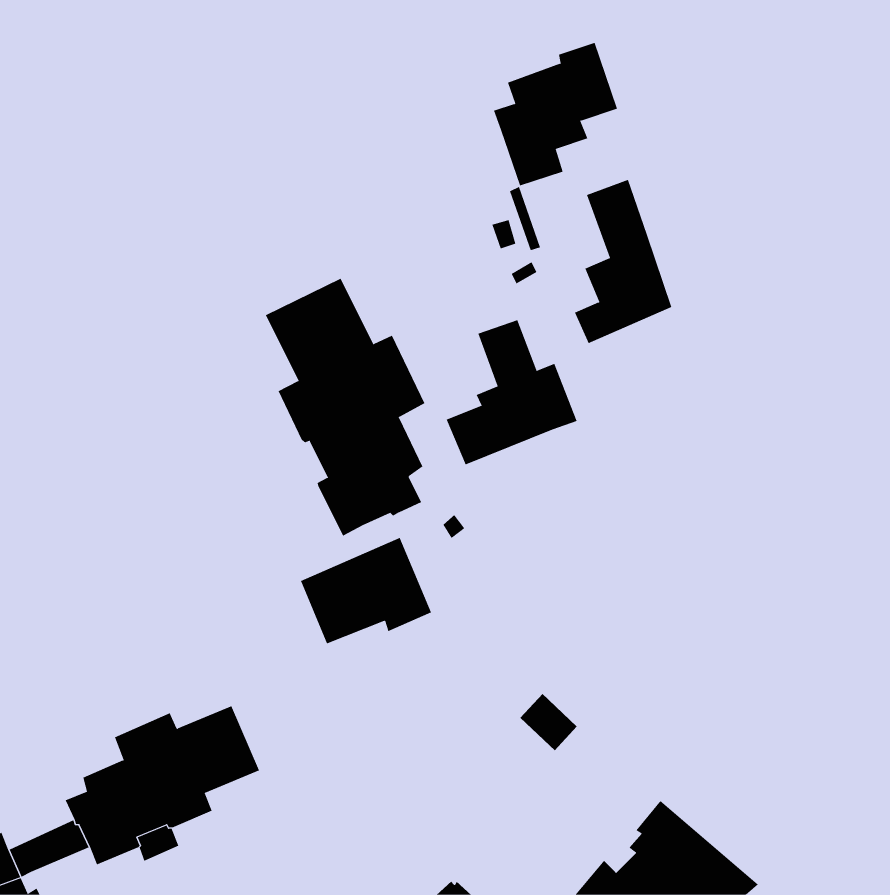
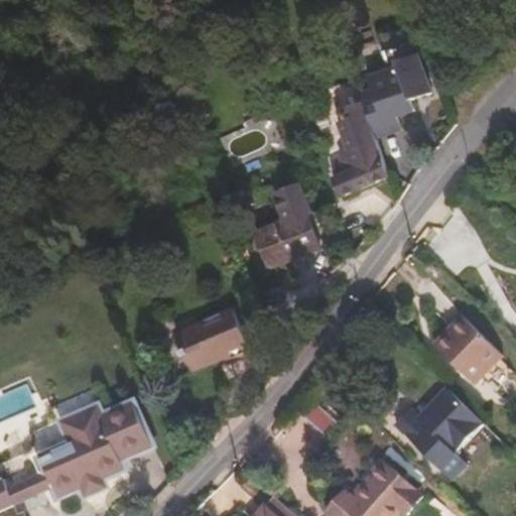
building: [493,42,618,186] -> [357,52,428,135]
building: [265,278,425,536] -> none
building: none -> [431,315,500,383]
building: none -> [391,385,481,478]

